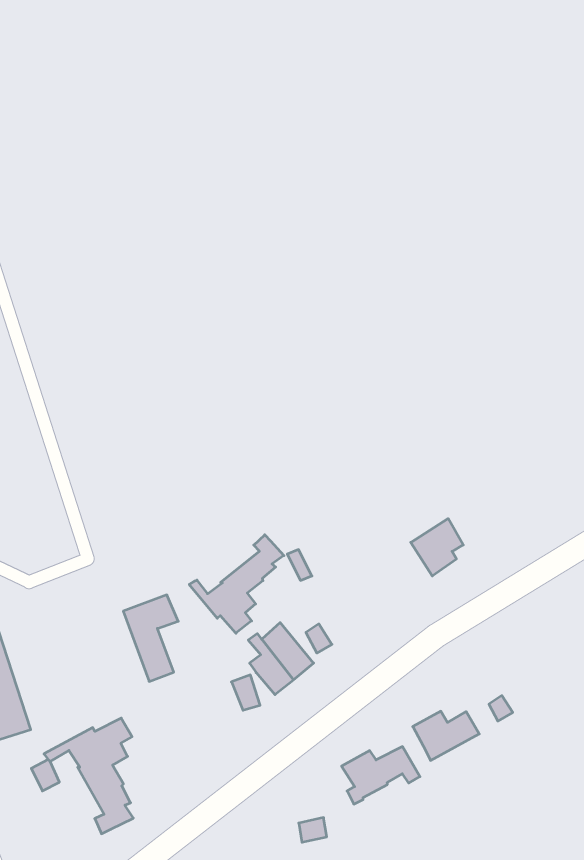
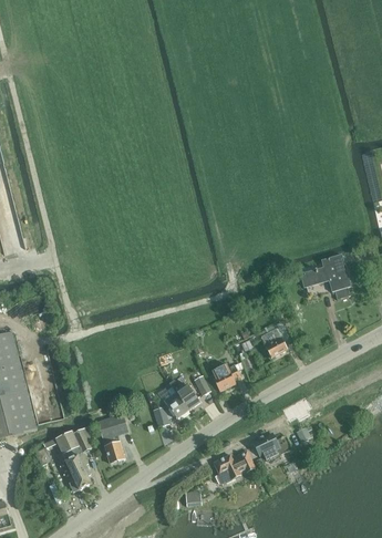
building: none -> [302,254,350,299]
building: [189,535,284,633] -> none
building: none -> [211,364,240,391]
building: [123,595,178,681] -> [97,414,128,463]

